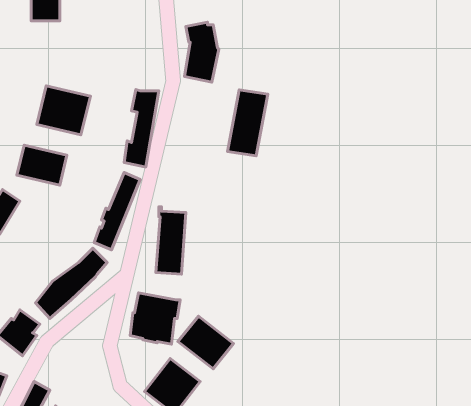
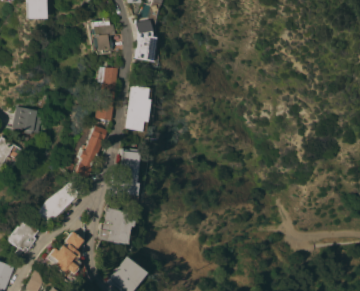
building: none -> [95,18,118,51]
building: [37,86,90,135] -> none
building: [228,90,268,156] -> [124,86,152,132]
building: [178,316,234,369] -> none
building: none -> [46,232,81,274]

